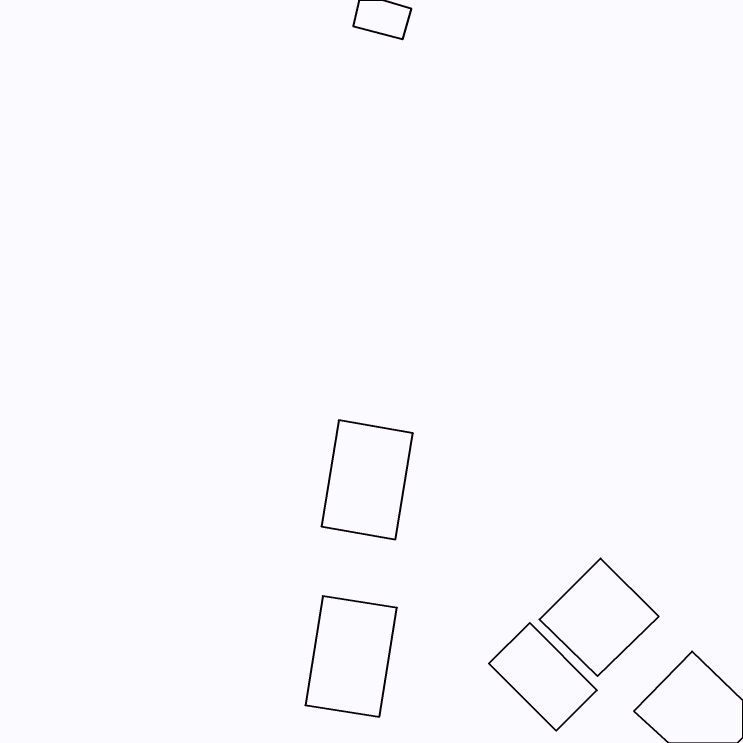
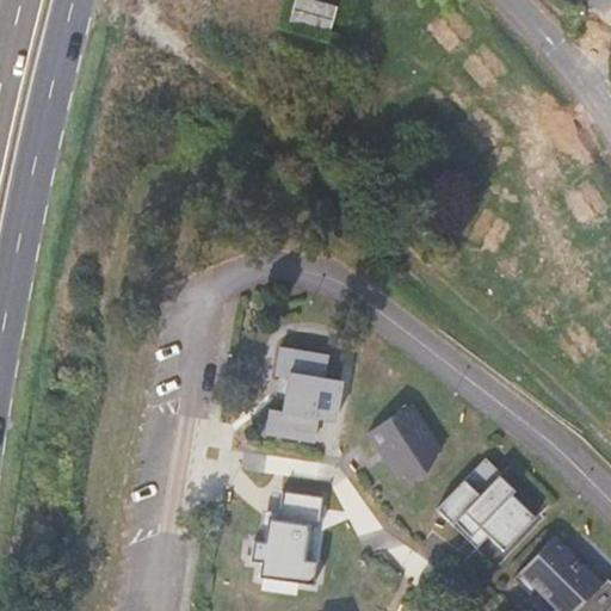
building: none -> [371,411,439,480]
building: [489,623,597,731] -> none

